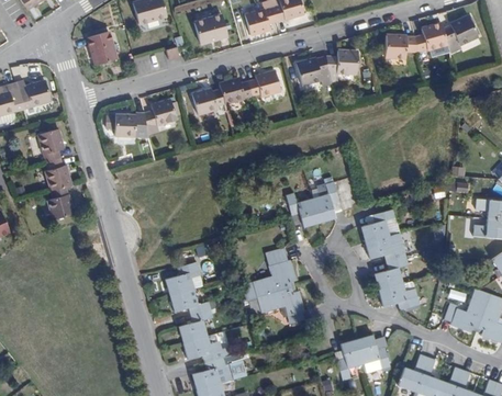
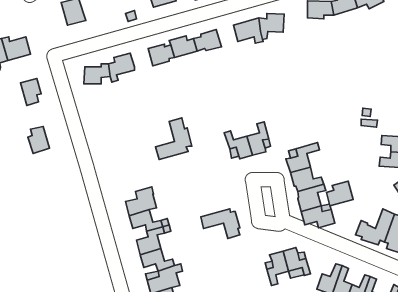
building: [45,158,72,191] -> none
building: [253,247,297,297] -> [155,118,192,160]
building: none -> [327,181,353,206]

